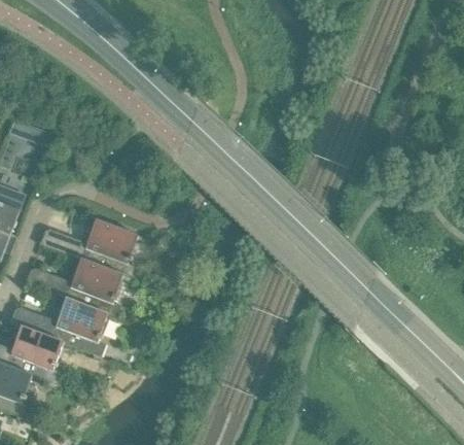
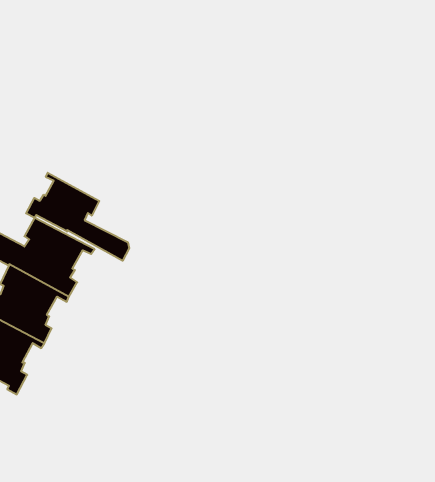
building: none -> [26,173,129,261]

